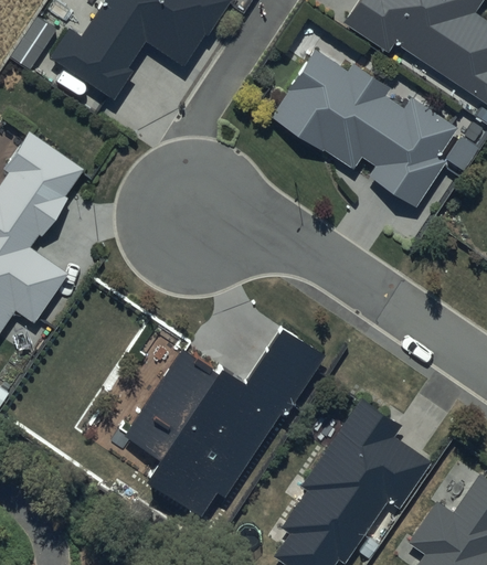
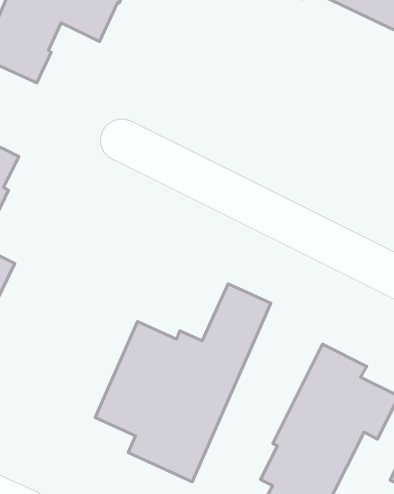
building: [272,49,458,209] -> none

